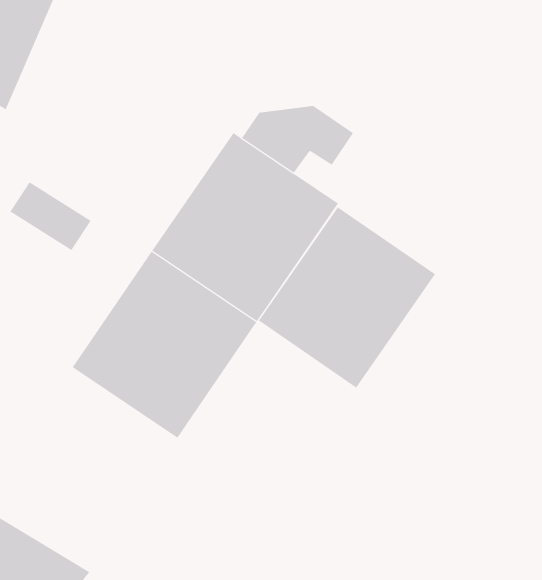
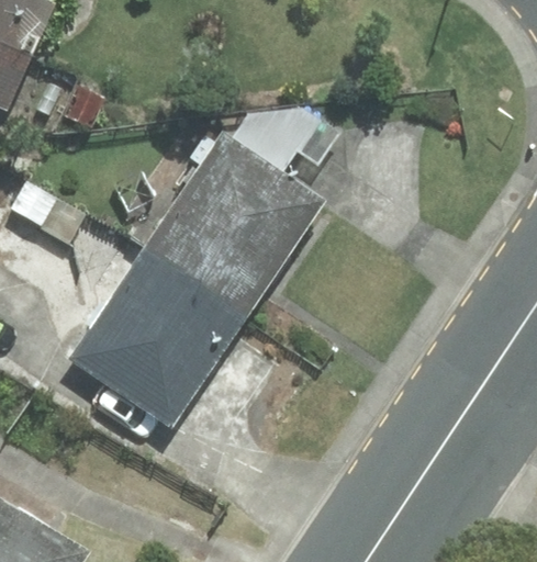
building: [258,206,436,388] -> none

